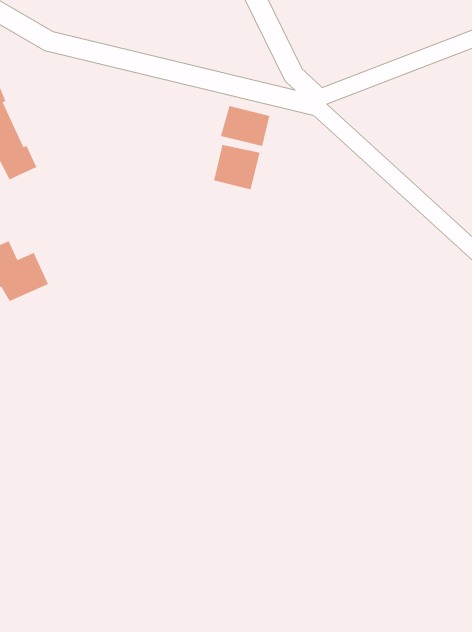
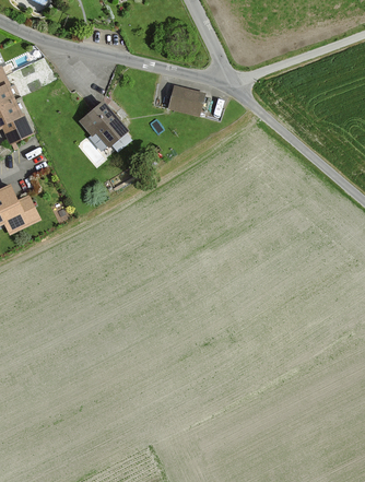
building: none -> [78,101,125,143]
building: [214,144,260,190] -> none

